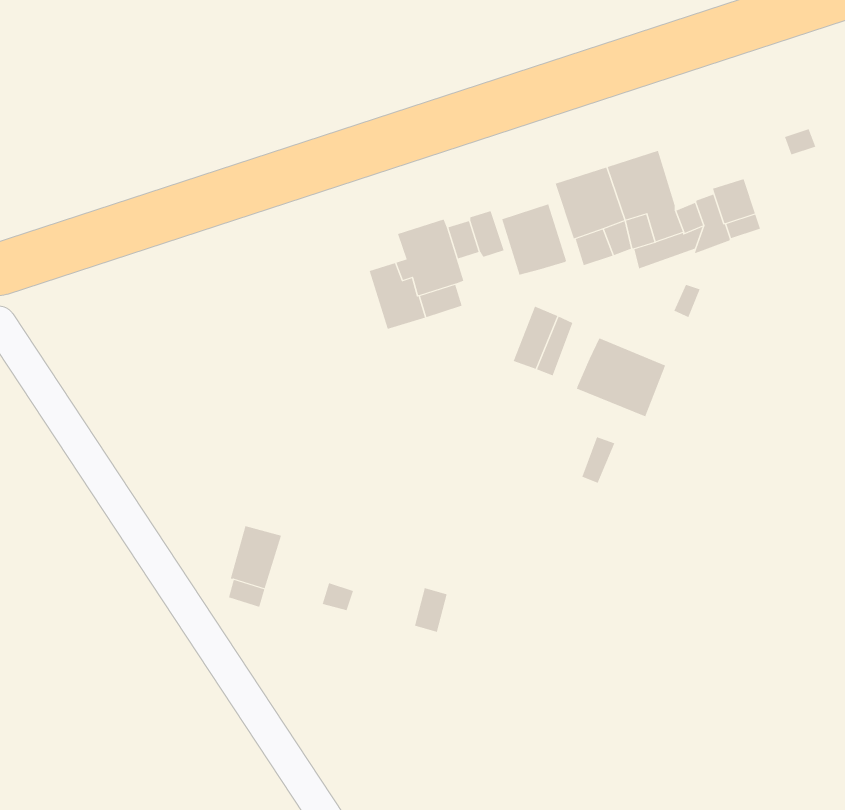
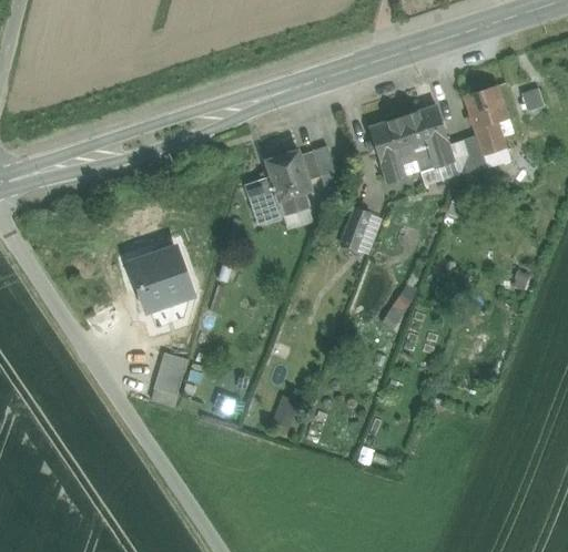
building: none -> [463,85,507,130]
building: [502,203,567,275] -> none
building: [577,337,666,417] -> none
building: none -> [132,251,187,308]

